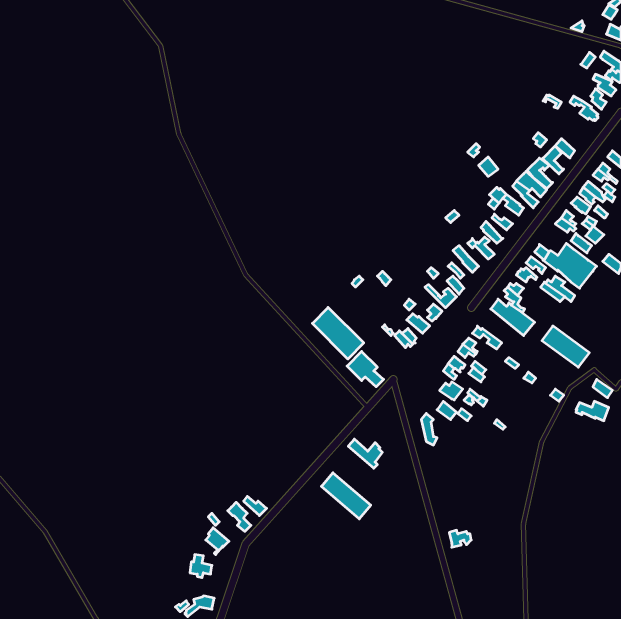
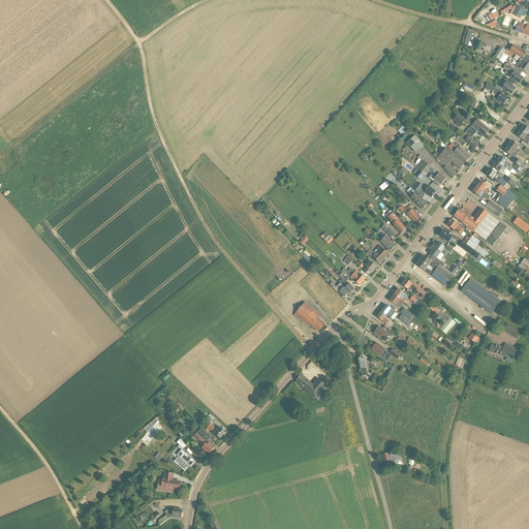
building: [312,307,364,359] -> none
building: [321,473,371,519] -> none

